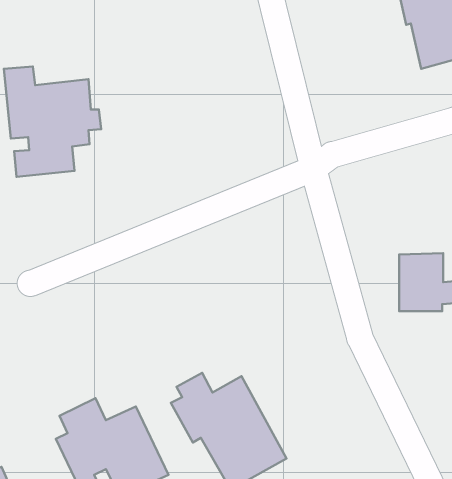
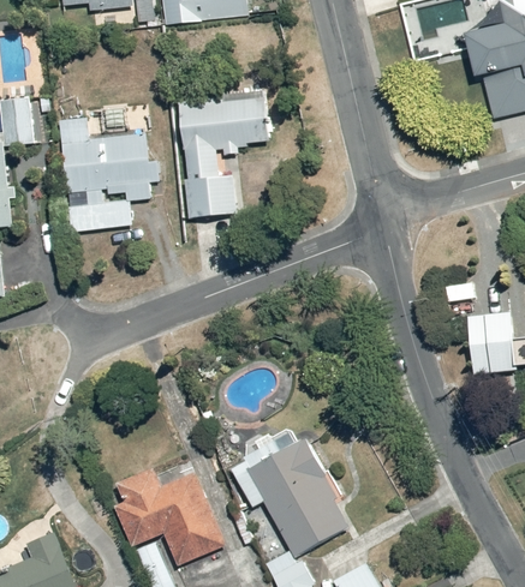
building: none -> [180,90,267,217]

